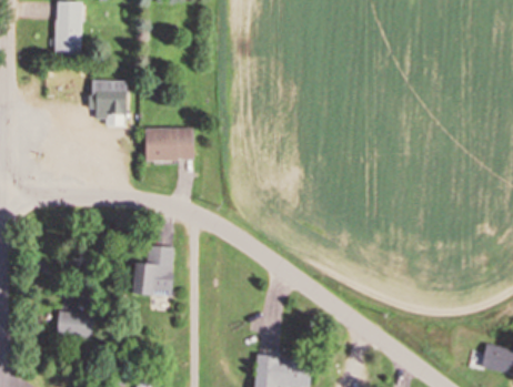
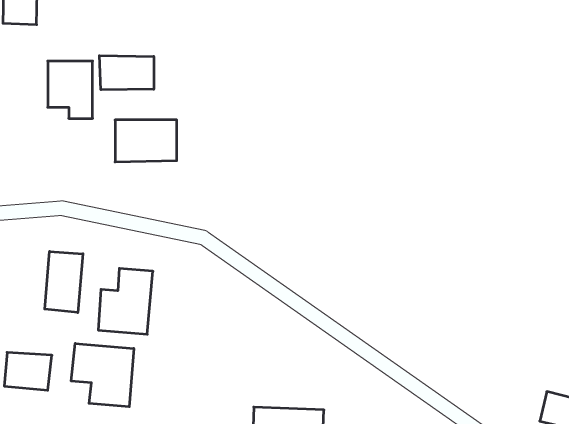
building: none -> [99,56,154,90]
building: none -> [45,251,83,313]
building: none -> [71,343,134,407]

